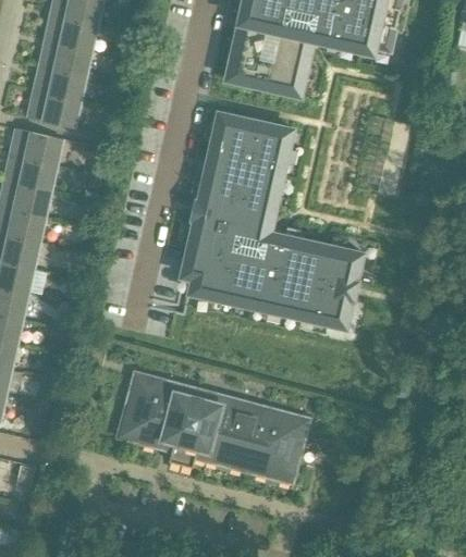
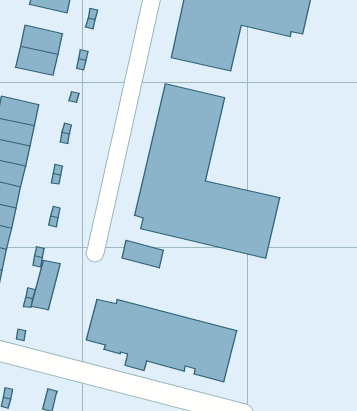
building: [44,12,96,49] -> none
building: [26,90,78,126] -> none
building: none -> [122,240,163,268]
building: none -> [31,260,60,310]

